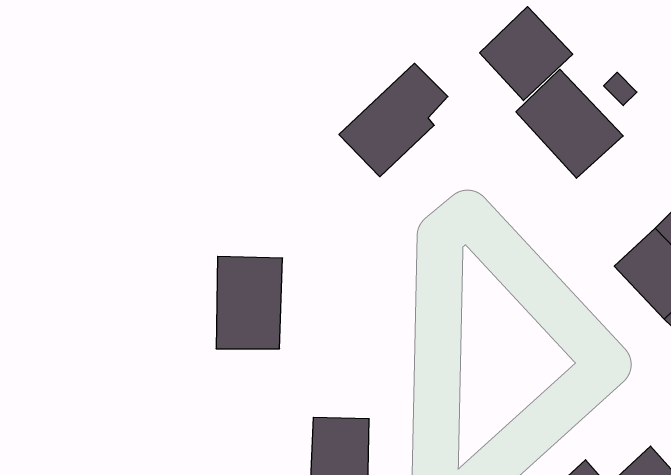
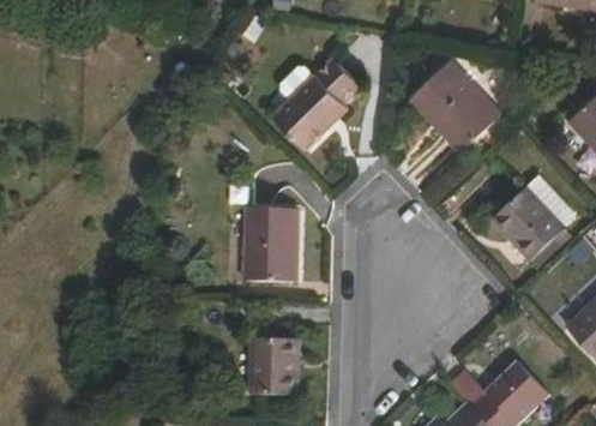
building: [480,7,573,101] -> none
building: [216,256,283,349] -> [245,208,297,281]

